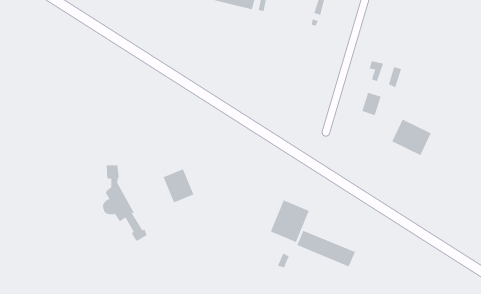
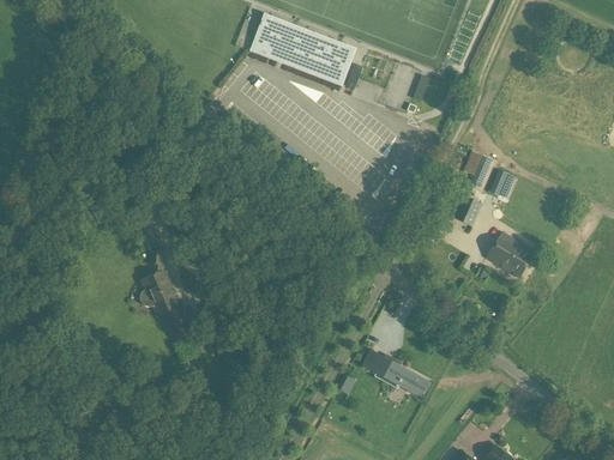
building: [163,168,194,203] -> none
building: [270,199,309,243] -> none

